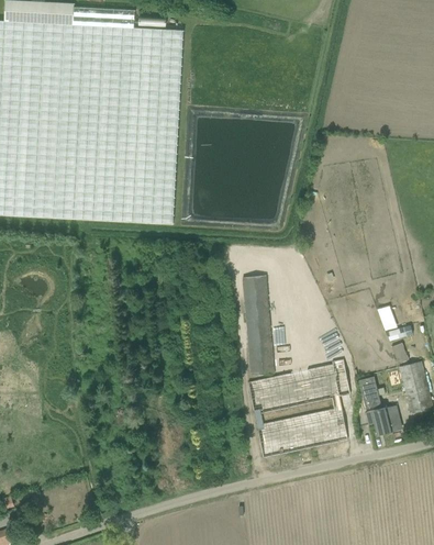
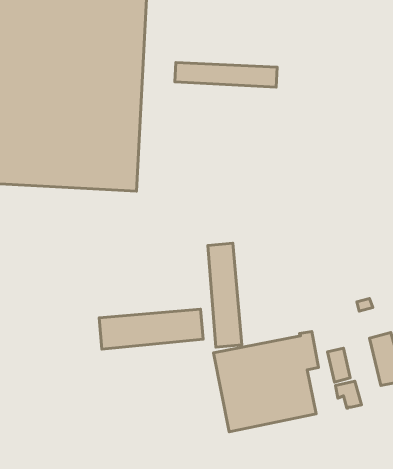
building: none -> [175,63,277,87]
building: none -> [99,309,203,349]

